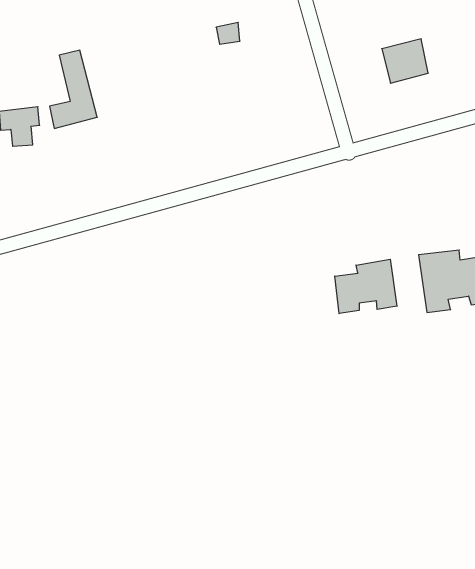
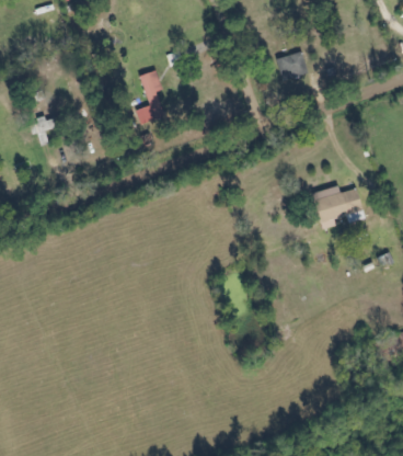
building: [50,50,97,128] -> [136,71,168,124]
building: [335,259,397,314] -> none

